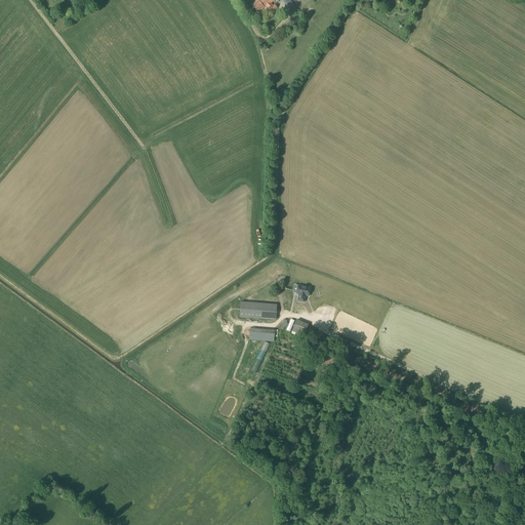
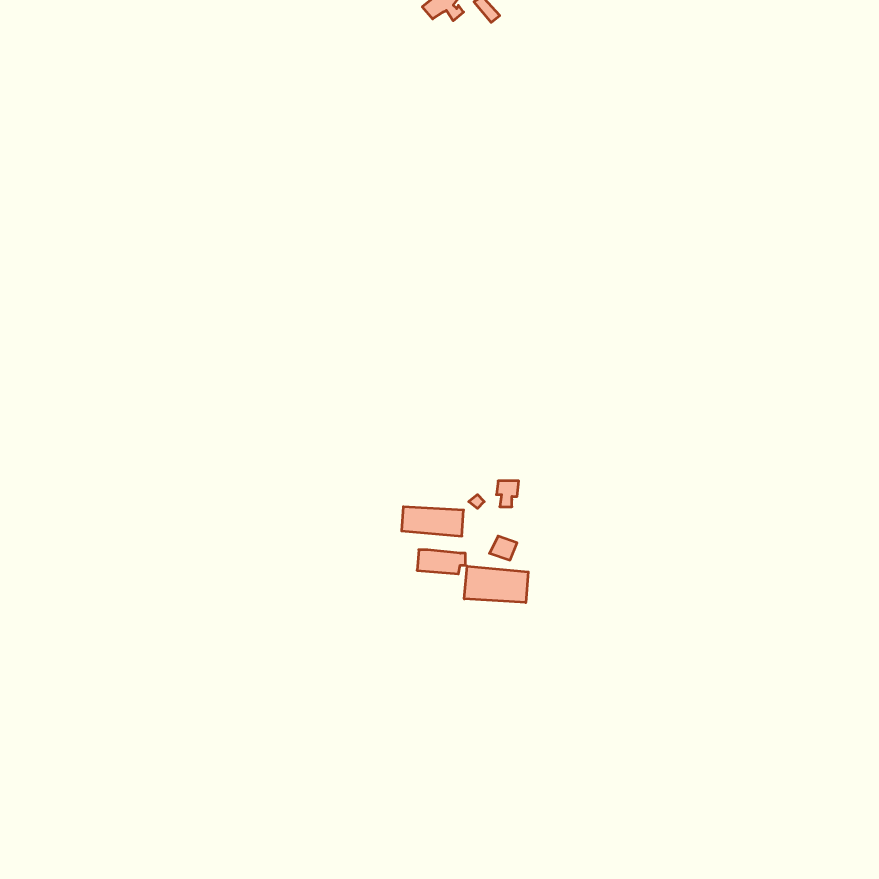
building: none -> [464,566,528,603]

